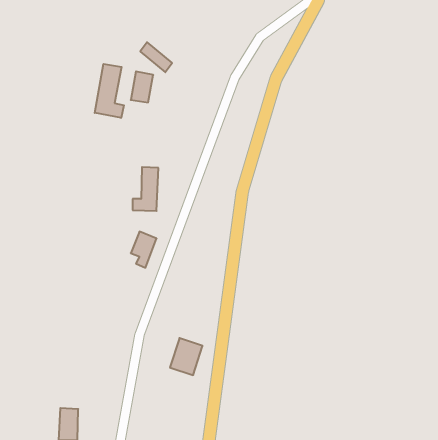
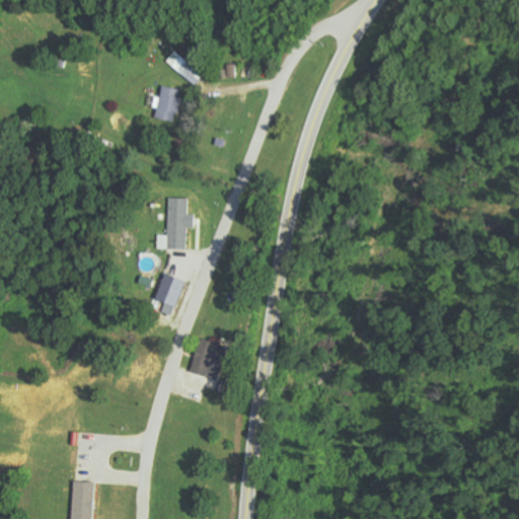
building: [95,64,124,118] -> none
building: [170,338,203,375] -> [189,337,227,380]

